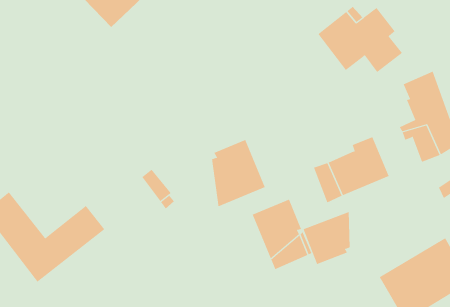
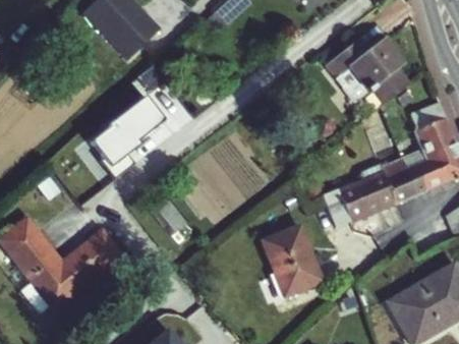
building: none -> [91,96,165,179]
building: none -> [382,156,429,204]
building: [212,139,266,207] -> none
building: [303,211,350,265] -> none

